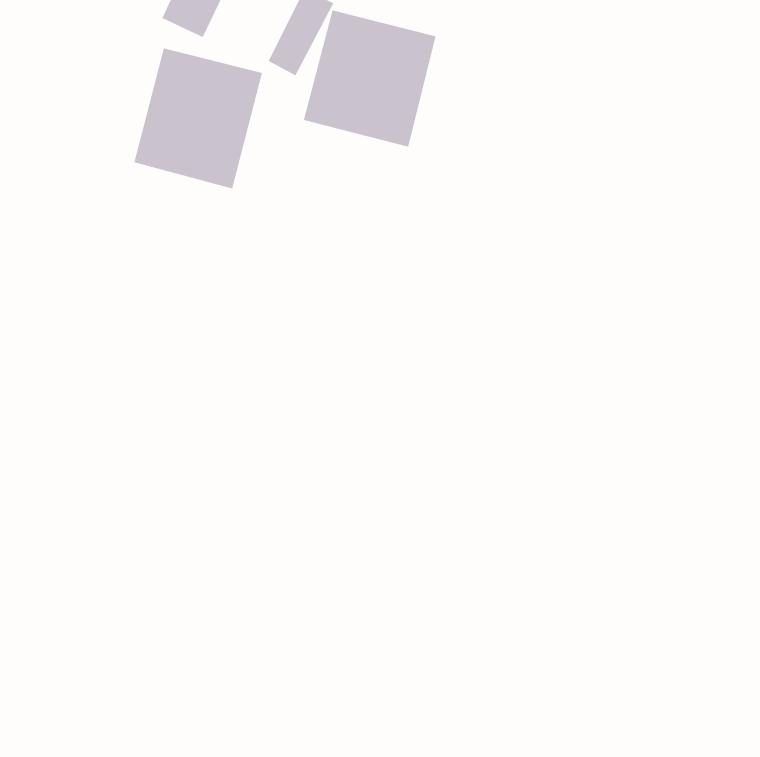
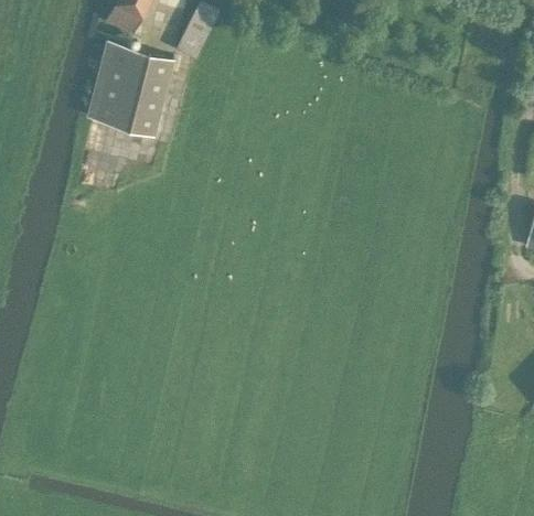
building: [303,10,436,147] -> none

